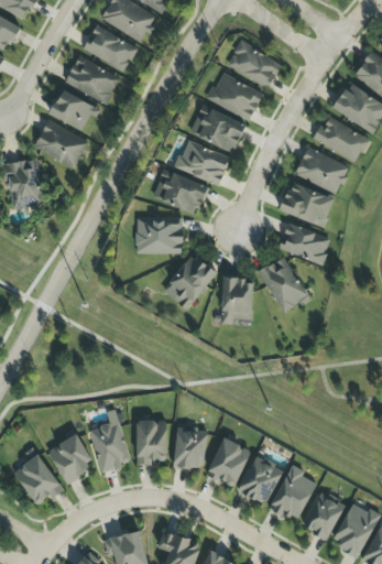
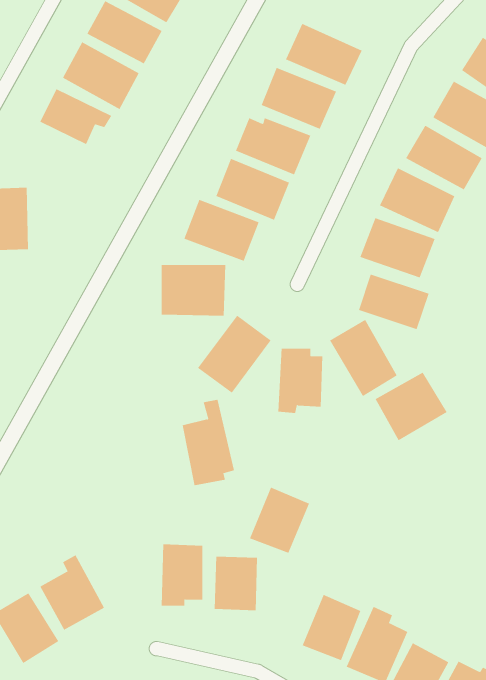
building: [33,120,88,170] -> none
building: none -> [375,372,447,441]
building: [90,410,129,473] -> [182,399,235,486]
building: [206,438,250,487] -> [249,487,310,554]

